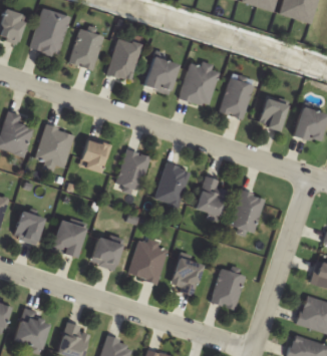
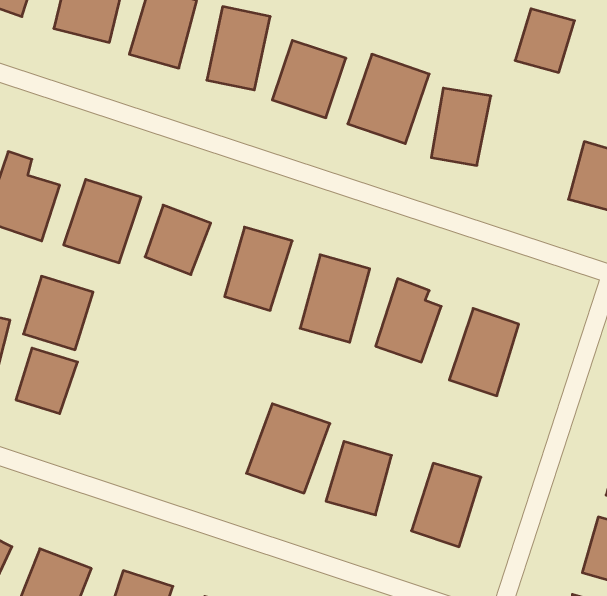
building: [257,97,287,129] -> [515,9,575,72]
building: [49,219,84,256] -> [23,276,93,350]
building: [88,236,121,269] -> none

